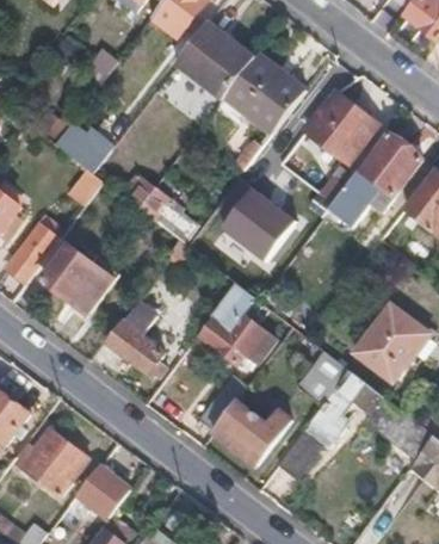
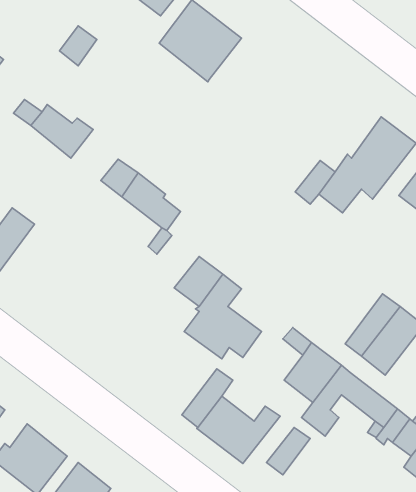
building: [224,56,307,135] -> none
building: [305,91,378,162] -> none
building: [214,184,291,260] -> none
building: [44,246,113,313] -> none
building: [109,303,165,375] -> none

